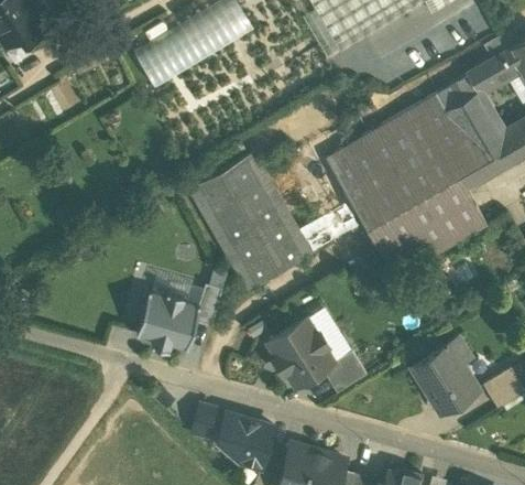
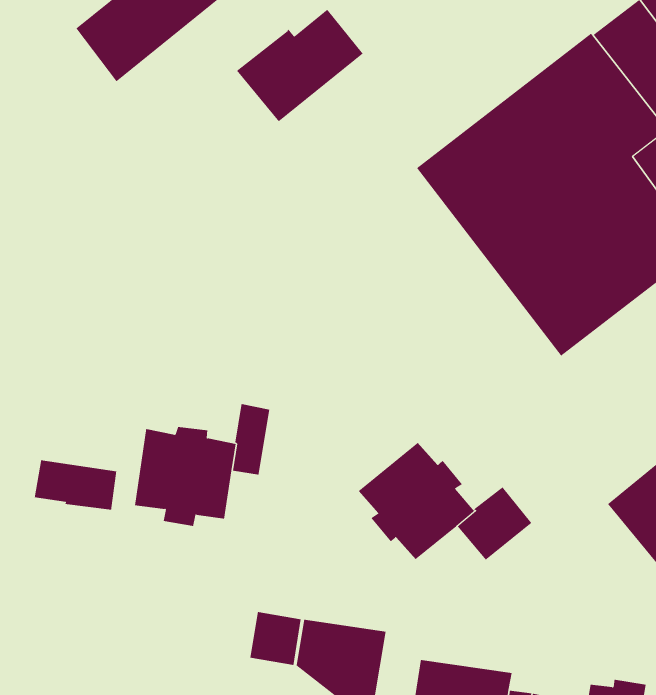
building: none -> [236,9,363,122]
building: [192,154,310,290] -> none
building: none -> [34,460,117,510]

